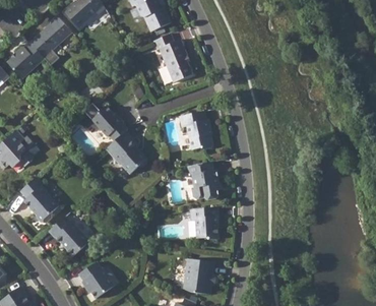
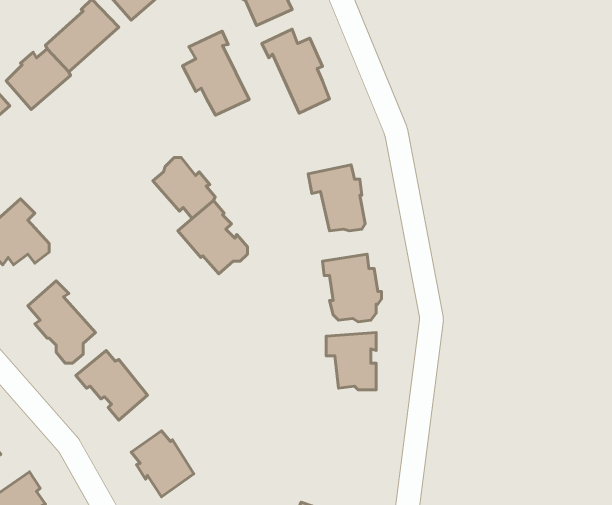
building: none -> [183,31,249,115]
building: [181,257,212,293] -> none

